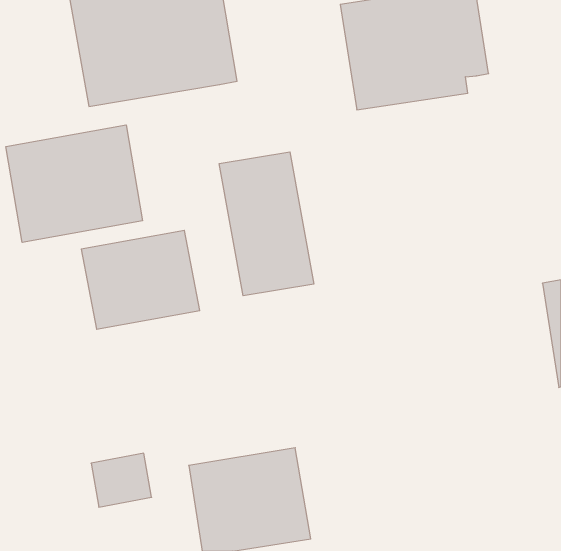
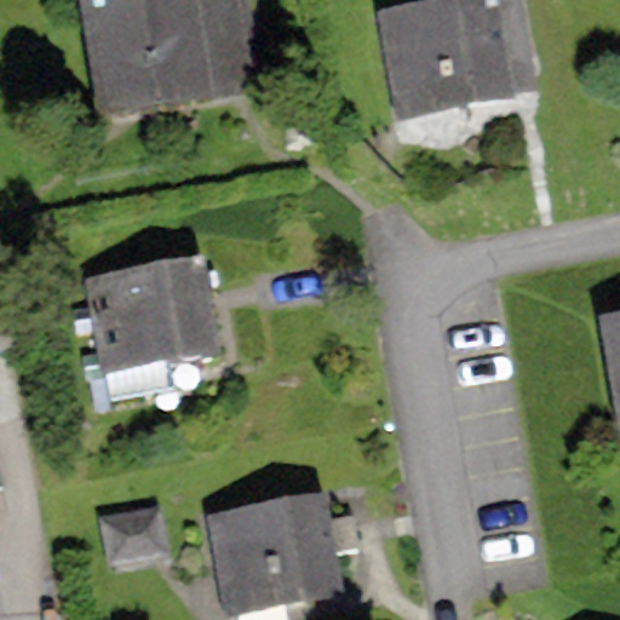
building: [6,125,142,242] -> none
building: [219,152,314,296] -> none

